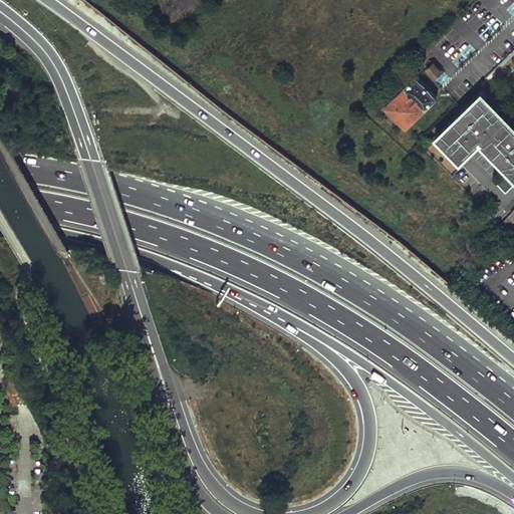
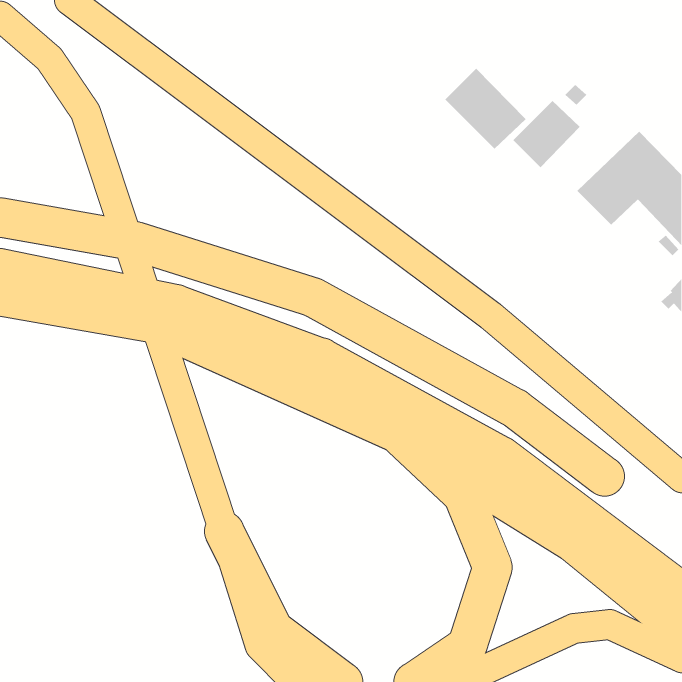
building: none -> [445,68,526,149]

